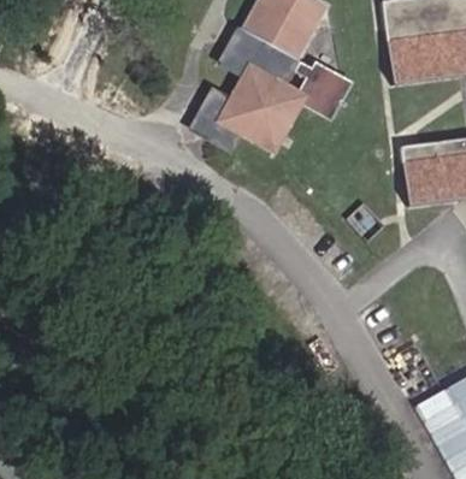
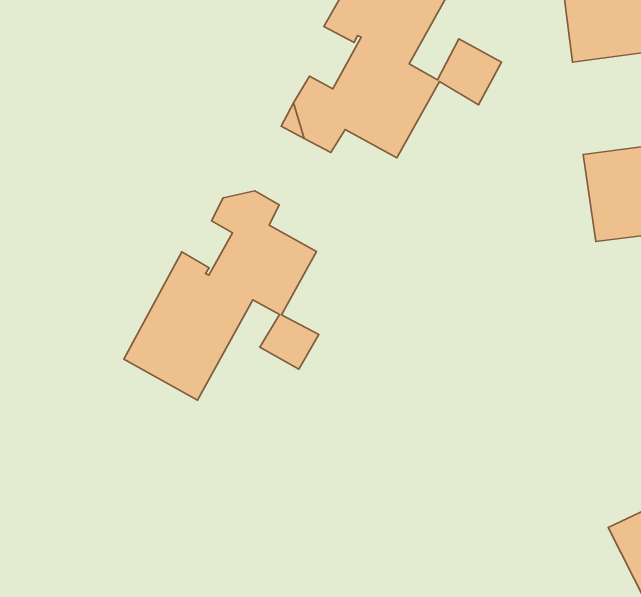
building: none -> [124,191,319,400]

